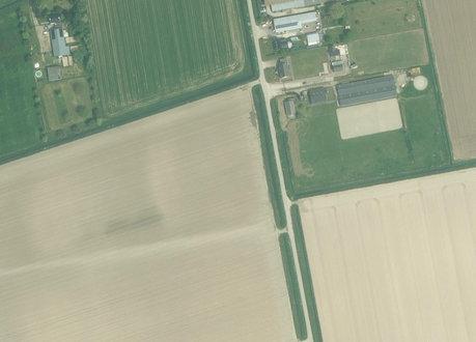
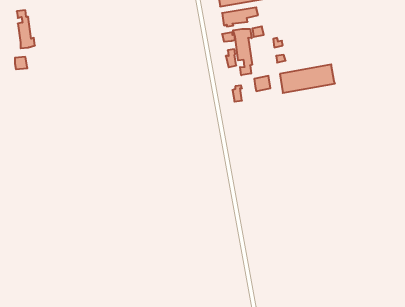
building: none -> [233,29,252,75]

